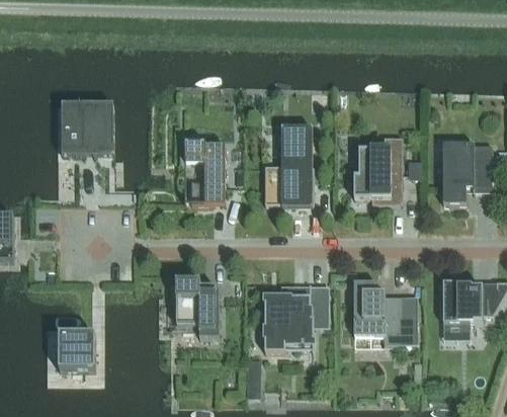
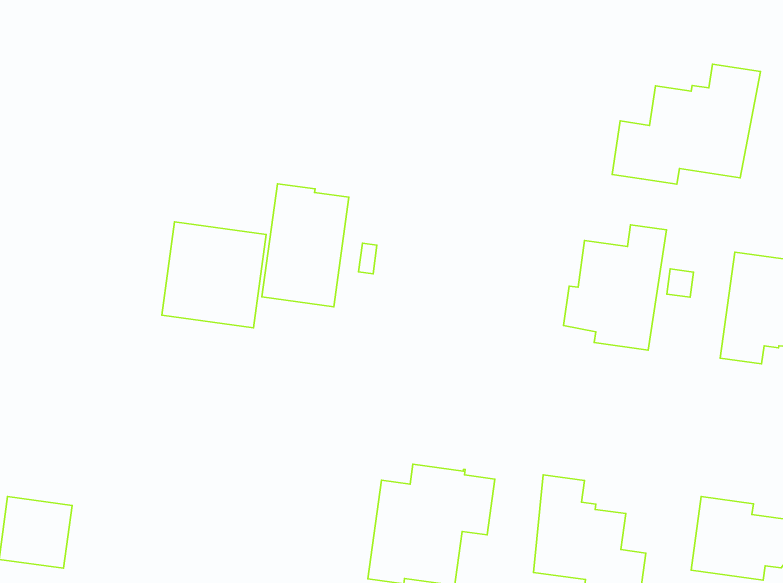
building: none -> [612,64,761,184]
building: [62,103,113,156] -> [162,222,266,328]
building: [264,127,314,206] -> none
building: [176,281,219,337] -> none

